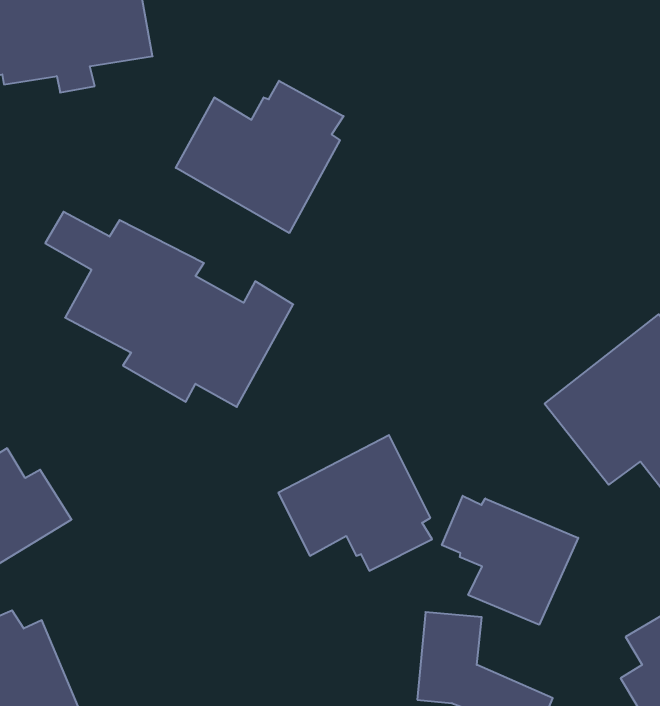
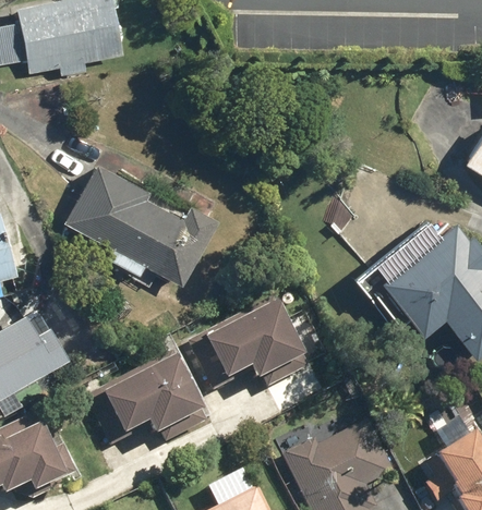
building: [176,81,344,233] -> none
building: [442,496,578,625] -> none
building: none -> [106,354,208,440]

